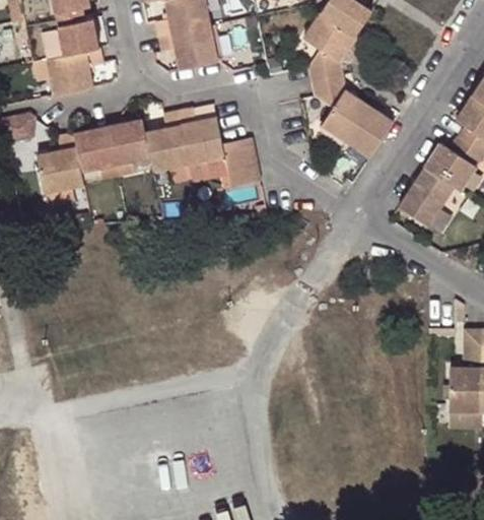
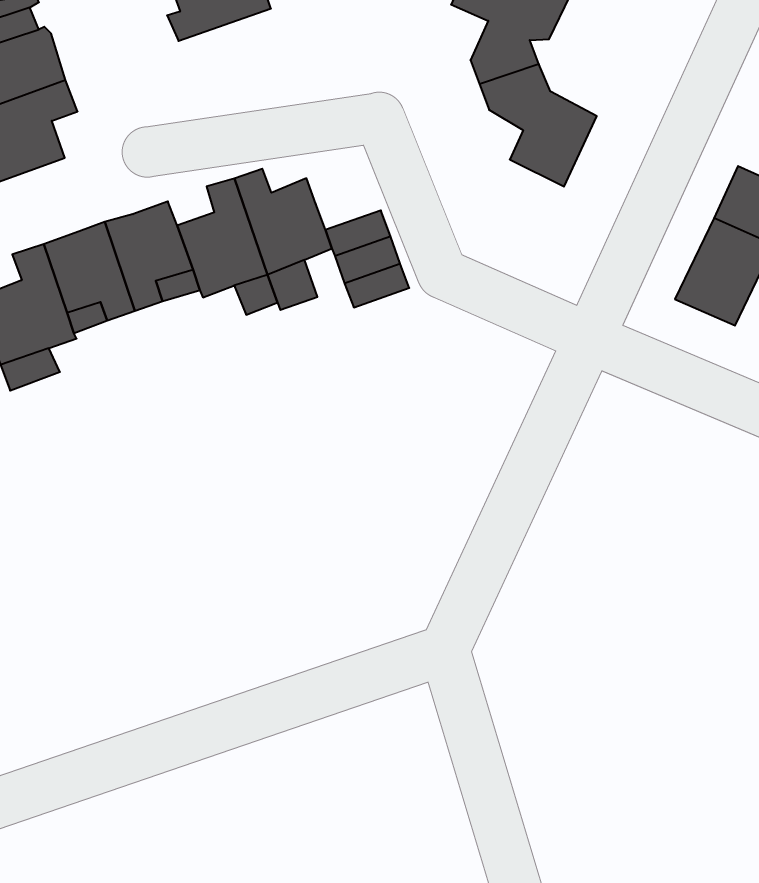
building: [159,25,218,70] -> none
building: [350,106,396,156] -> none

